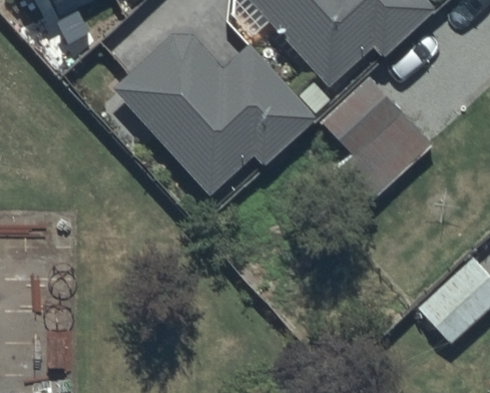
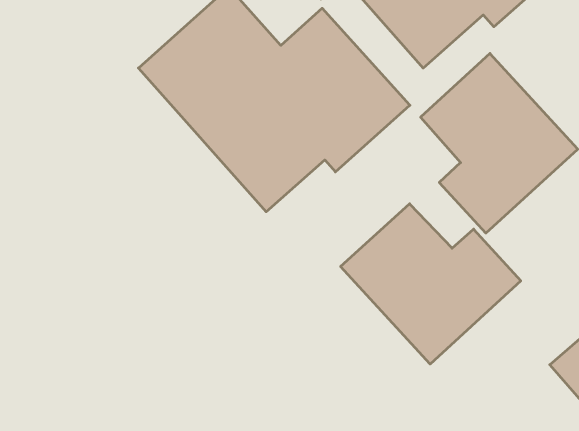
building: none -> [341,204,521,364]

